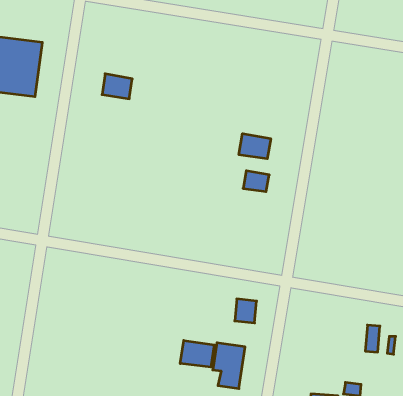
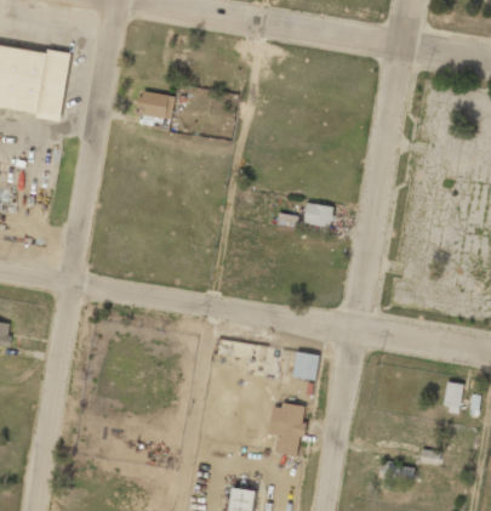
building: [239,134,271,159] -> none
building: [180,340,214,367] -> none

